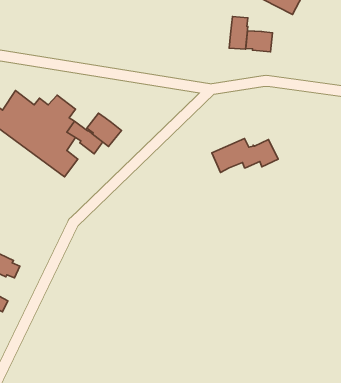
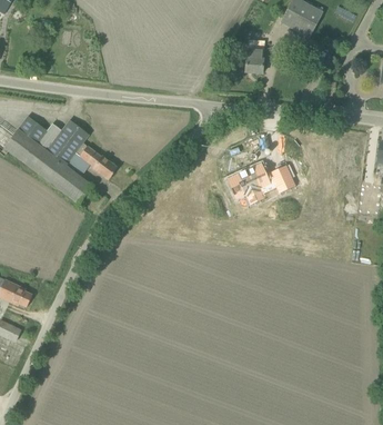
building: [246,31,273,52] -> none
building: [87,113,121,146] -> none

